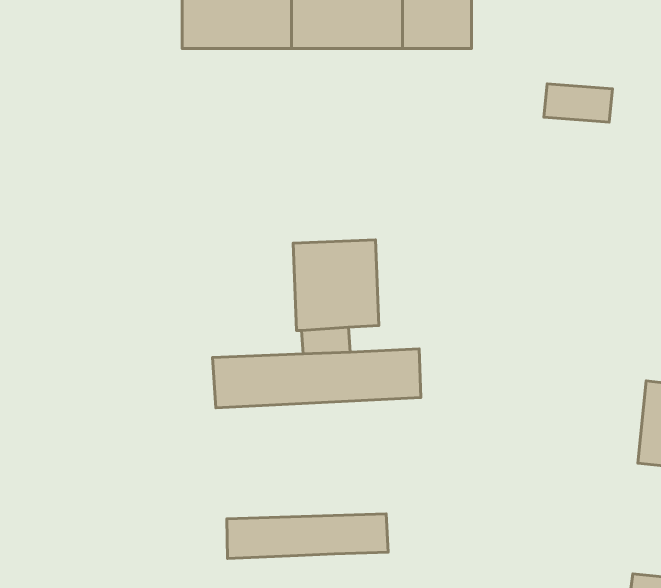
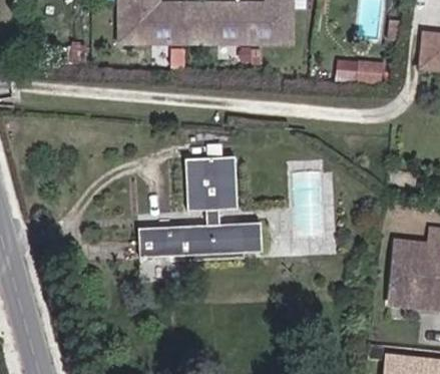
building: [227,514,388,559] -> none

